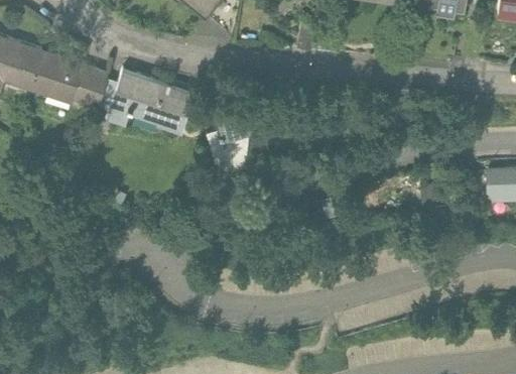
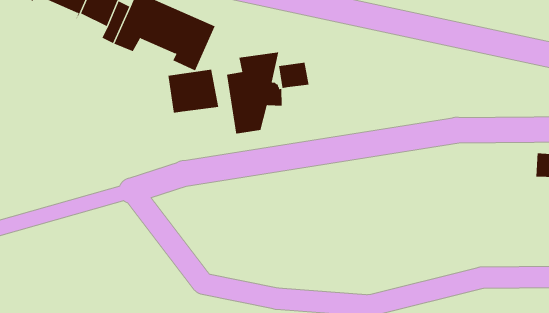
building: none -> [278,62,309,89]
building: none -> [168,69,219,114]

